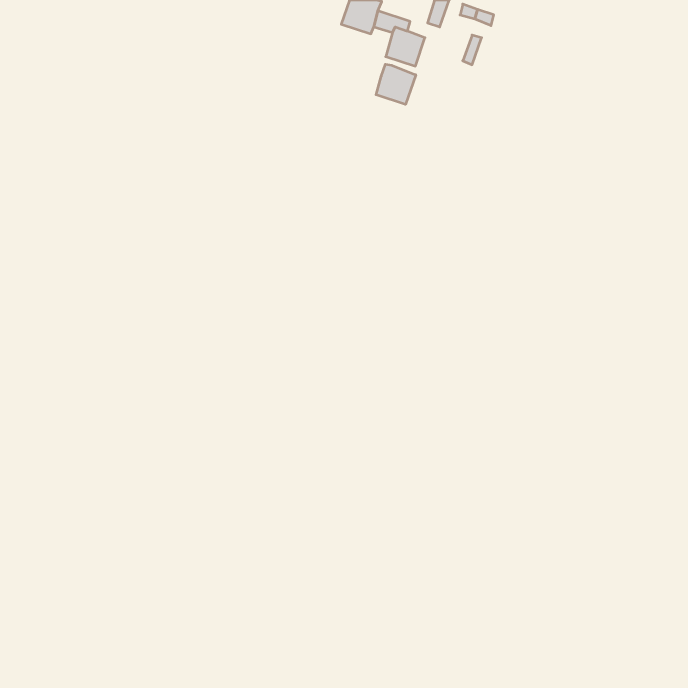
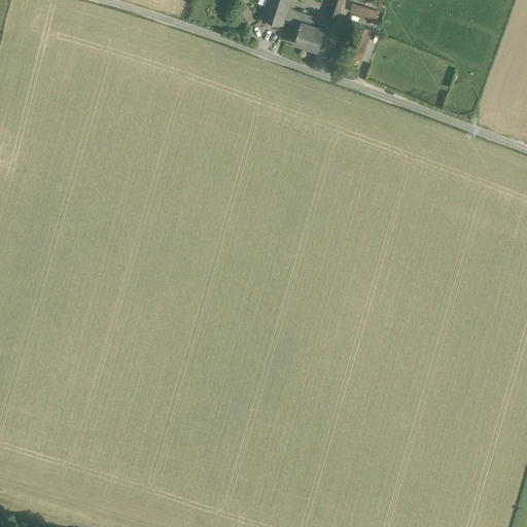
building: [376,64,416,104] -> none

